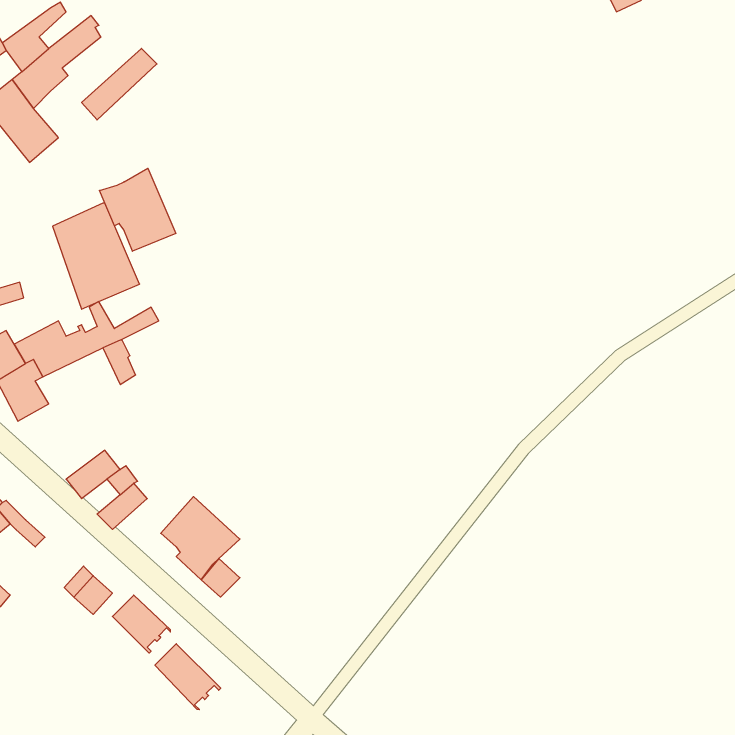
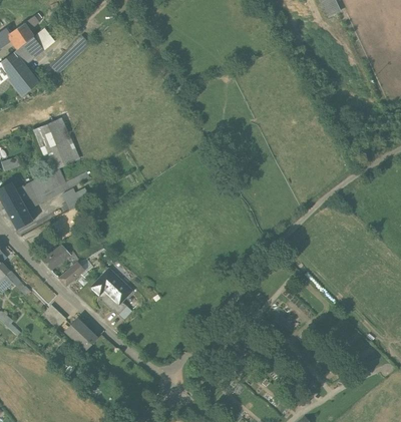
building: [99,168,176,251] -> none
building: [155,644,221,710] -> none

